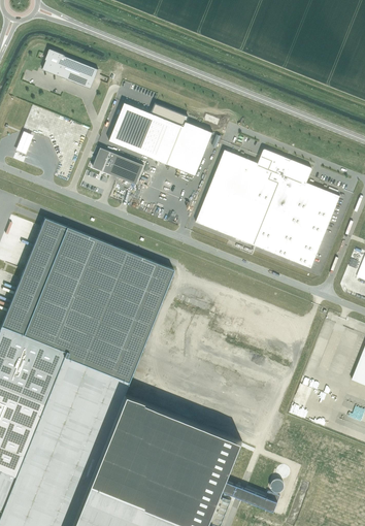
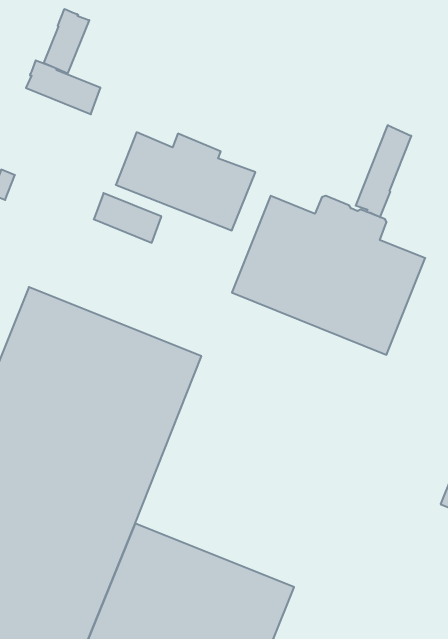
building: none -> [44,9,89,74]
building: none -> [356,125,411,217]

